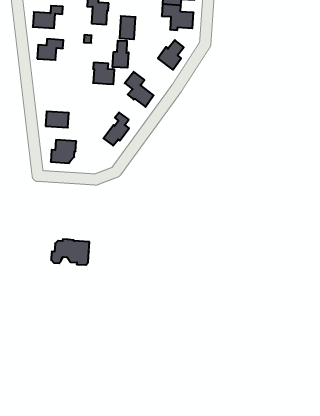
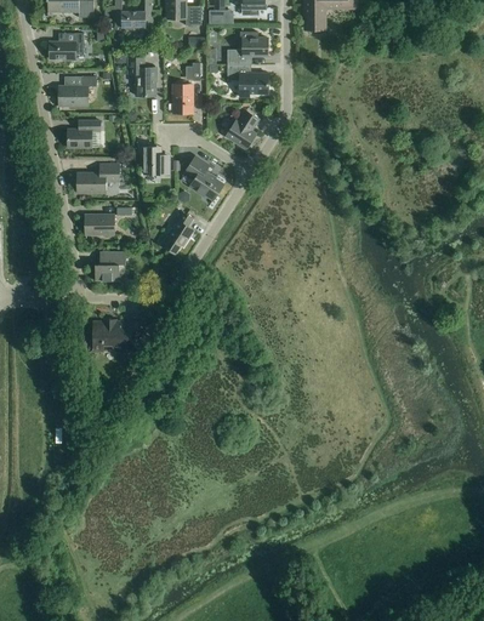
building: [113,41,129,68] -> none
building: none -> [75,164,118,193]
building: [51,239,89,265] -> [89,319,137,351]

